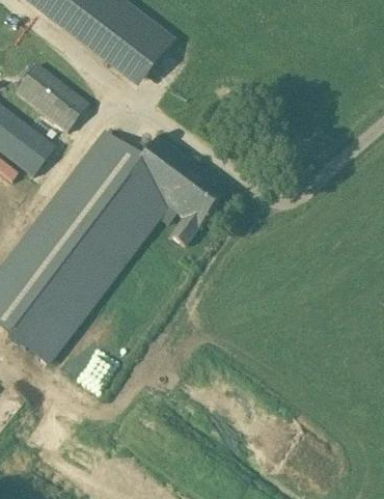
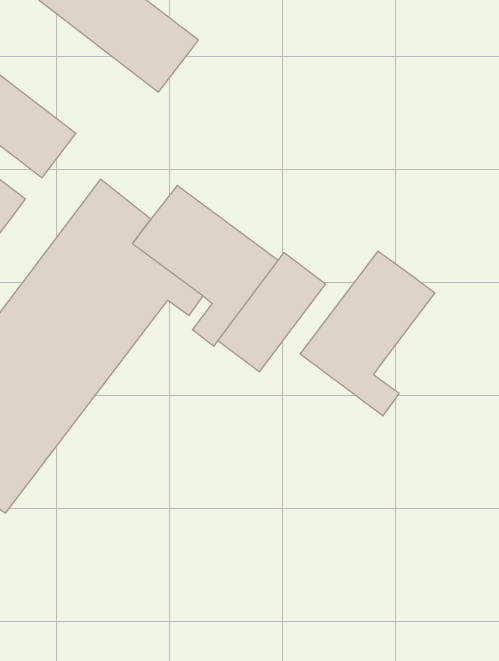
building: none -> [300,251,435,416]
building: none -> [218,253,325,372]

